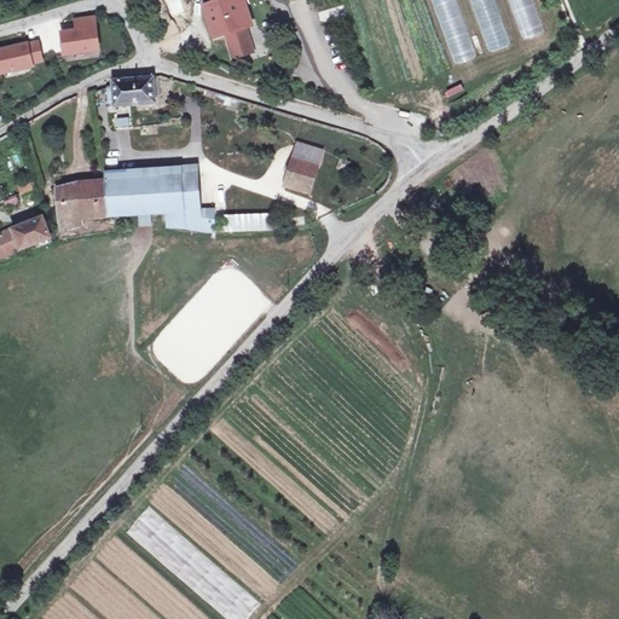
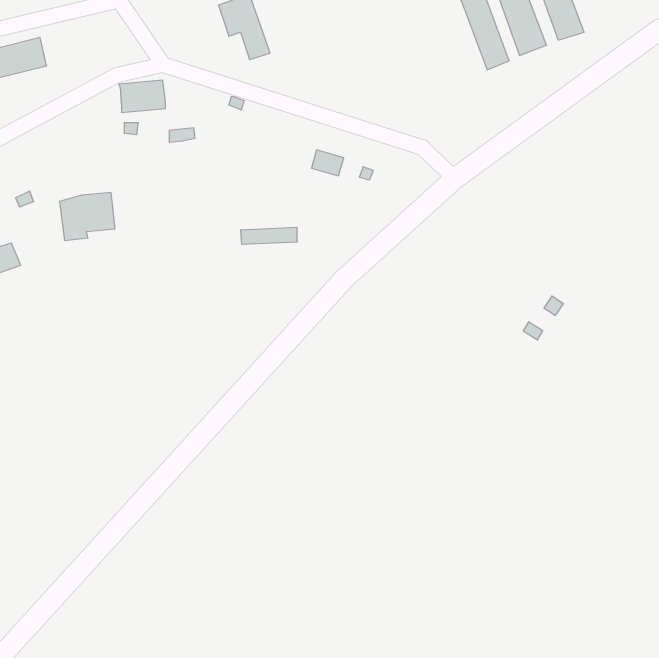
building: [58,12,99,56] -> none
building: [284,157,317,191] -> none
building: [104,172,210,230] -> none
building: [11,215,50,248] -> none

